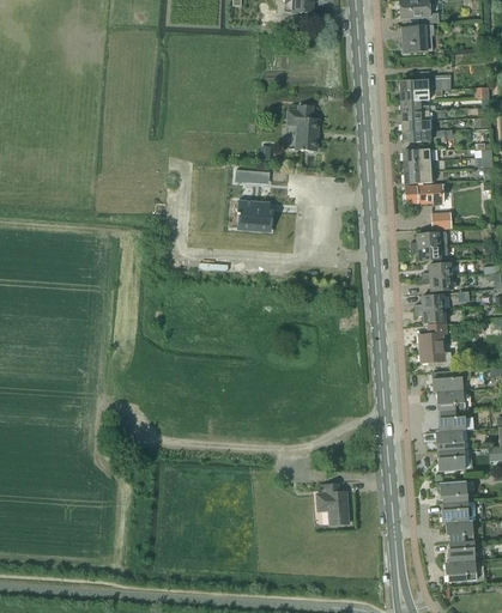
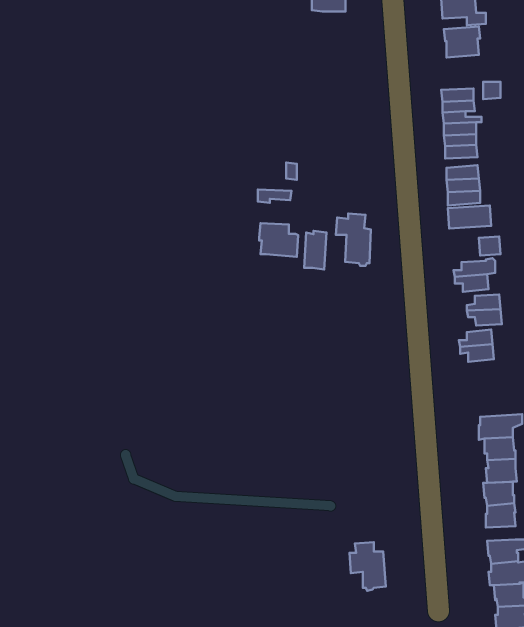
building: [288,105,319,152] -> [336,213,371,266]
building: none -> [304,231,327,270]
building: [419,324,452,366] -> none

